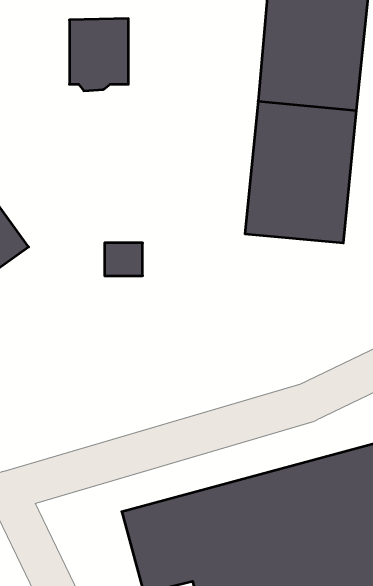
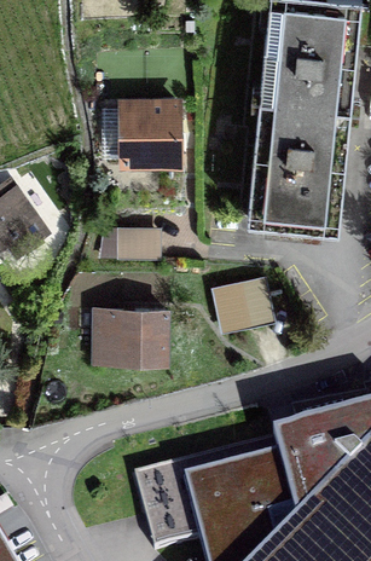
building: [69,19,128,91] -> [123,99,178,166]
building: none -> [224,279,269,318]
building: none -> [95,306,166,359]

